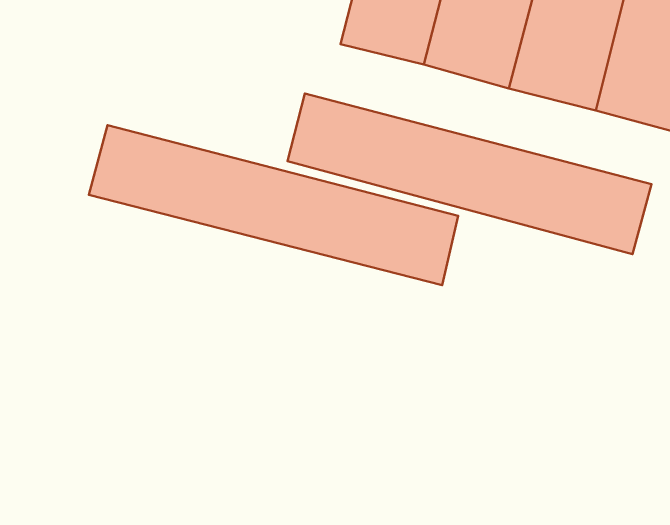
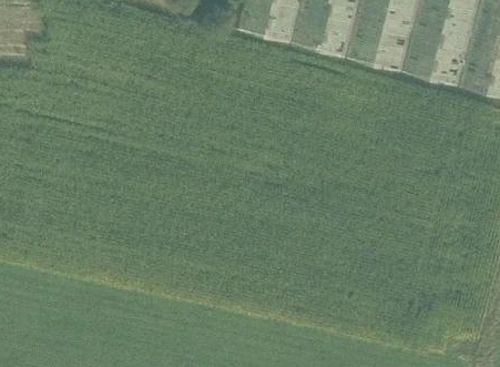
building: [287,93,652,254] -> none
building: [89,125,458,285] -> none

